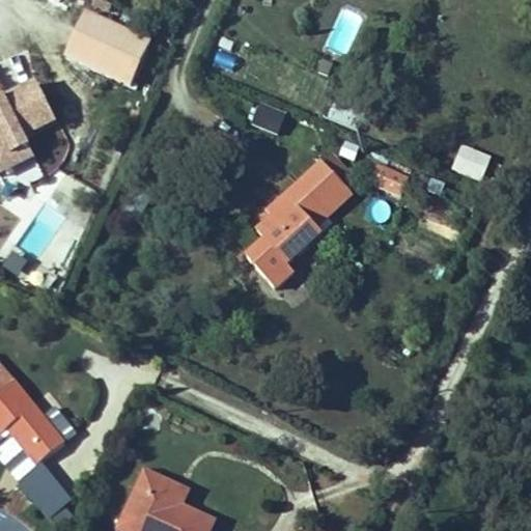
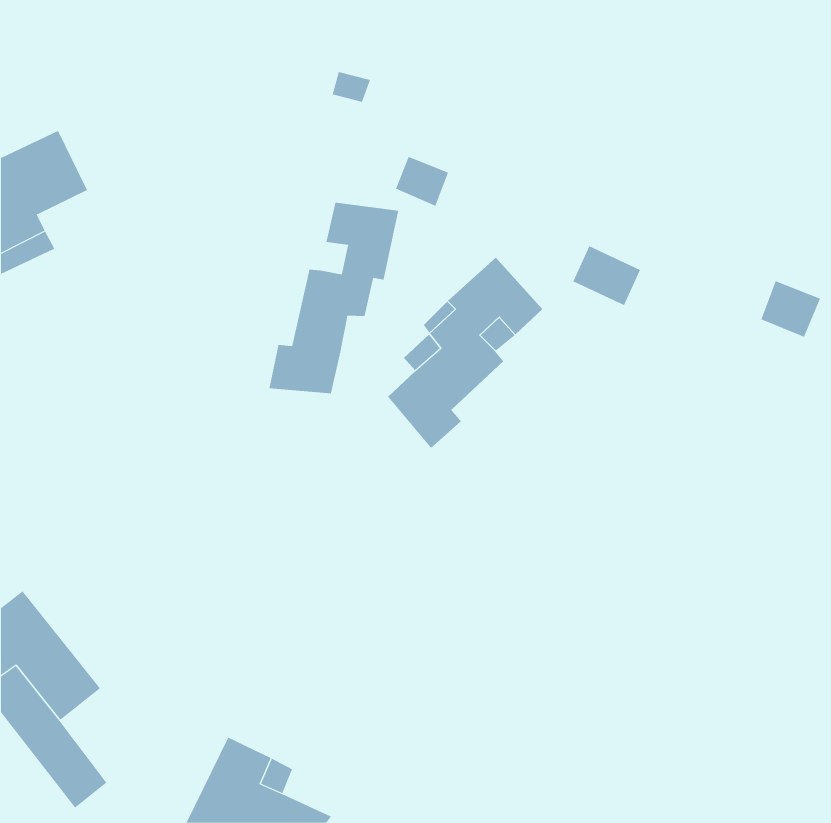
building: [66,12,151,86] -> none
building: none -> [269,202,399,394]
building: [452,140,491,176] -> [761,280,821,337]

